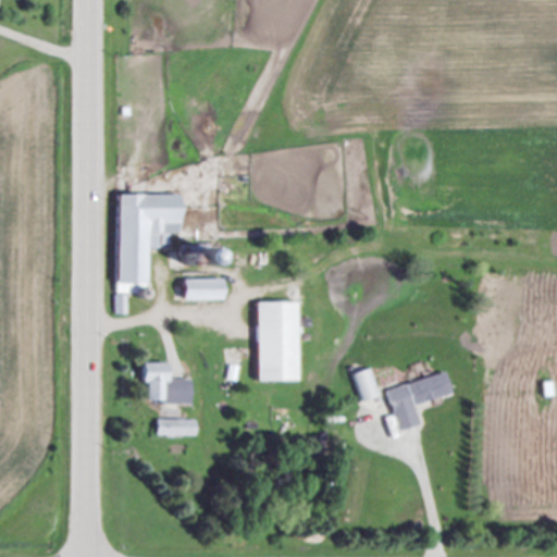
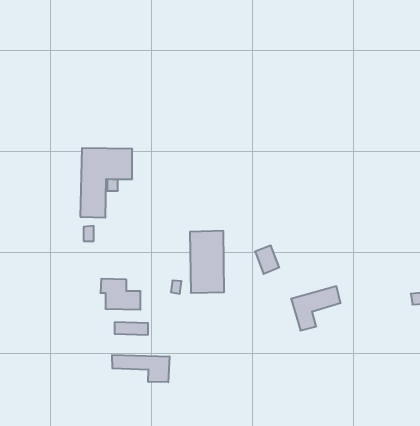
building: [183,277,228,299] -> none
building: [355,366,386,403] -> [255,246,279,274]
building: none -> [112,355,169,382]

